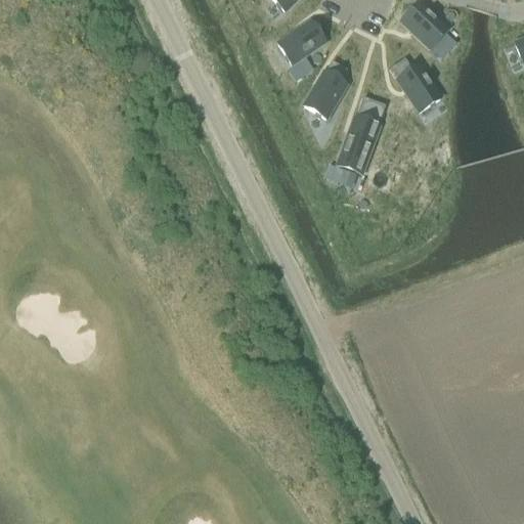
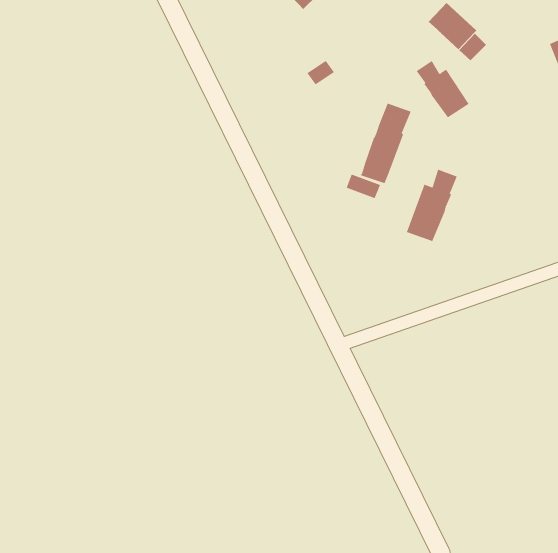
building: [277,19,324,62] -> none
building: [304,59,347,117] -> none
building: none -> [406,169,457,242]

